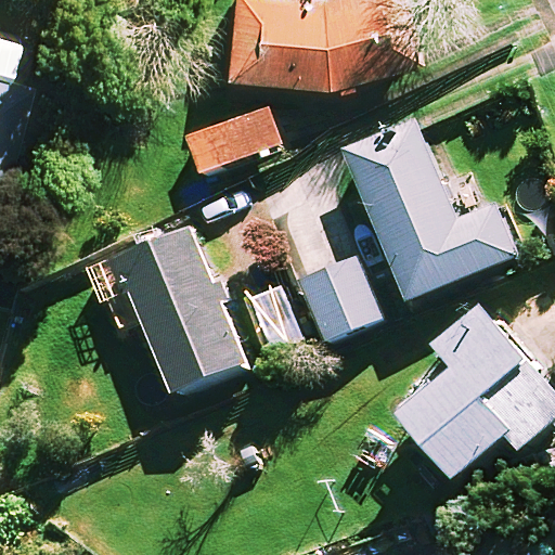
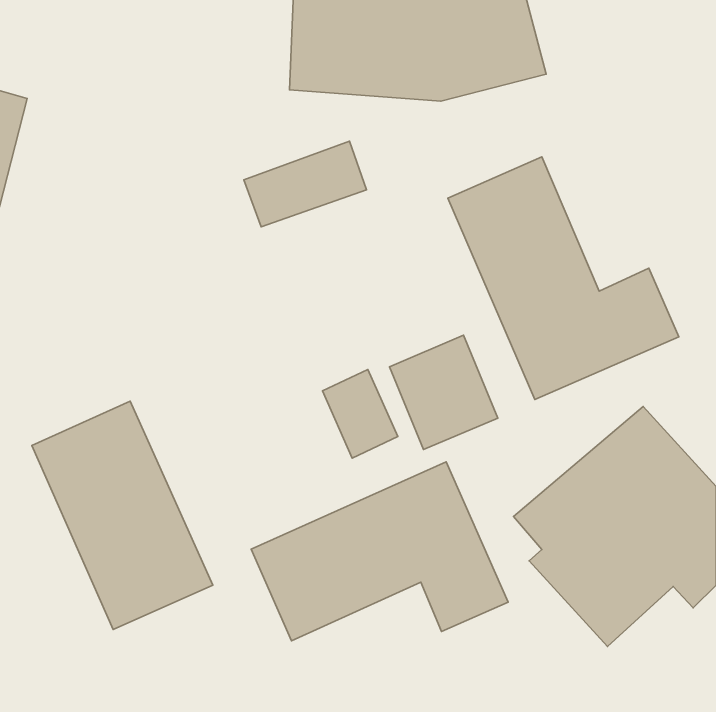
building: [114,223,251,397] -> [32,401,213,630]
building: none -> [251,462,508,641]

